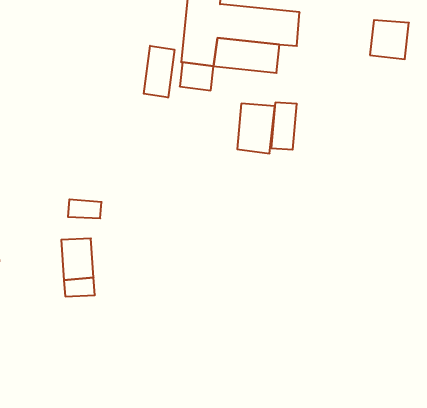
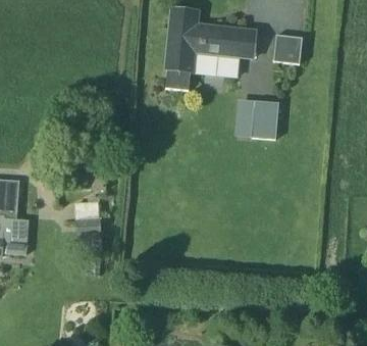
building: [370,20,409,59] -> [272,35,302,64]
building: [144,46,174,98] -> none
building: [237,104,275,153] -> [250,101,278,139]

